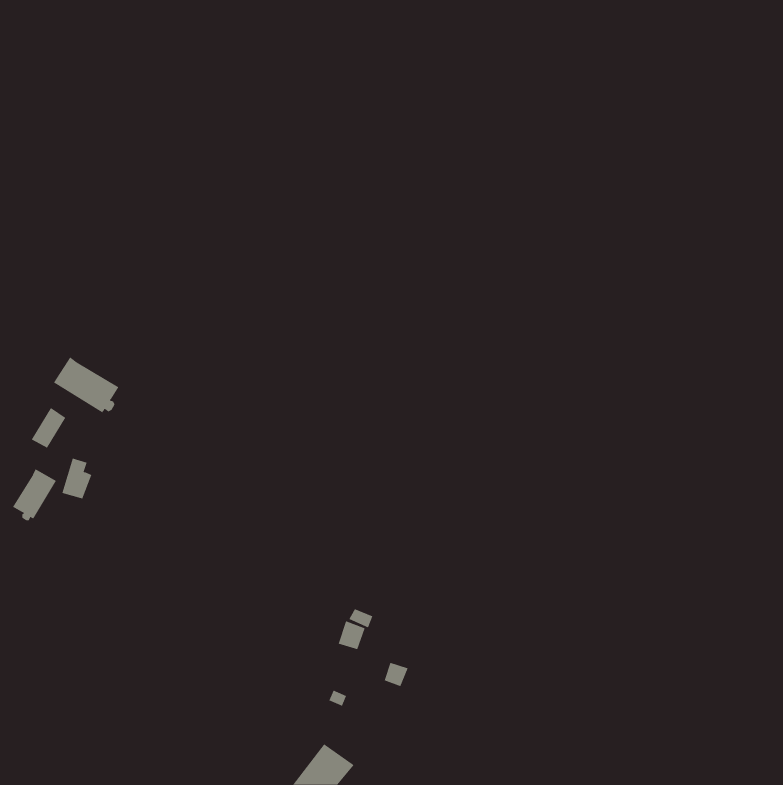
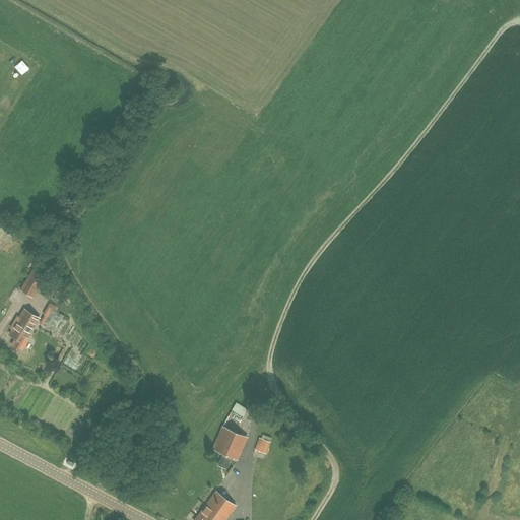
building: [53,356,119,413] -> none
building: none -> [211,427,247,460]

